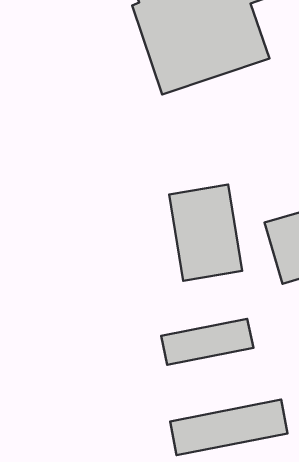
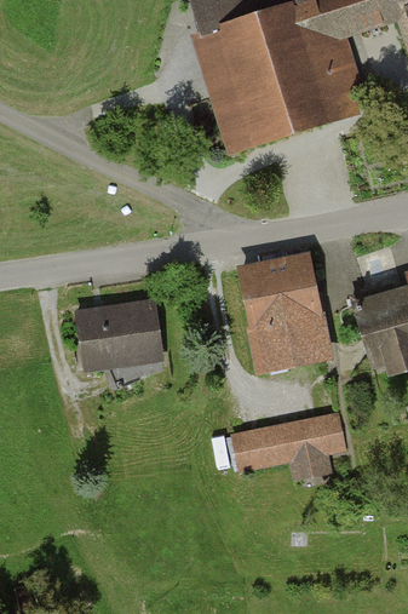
building: none -> [76,302,159,367]
building: [170,399,288,455] -> none

